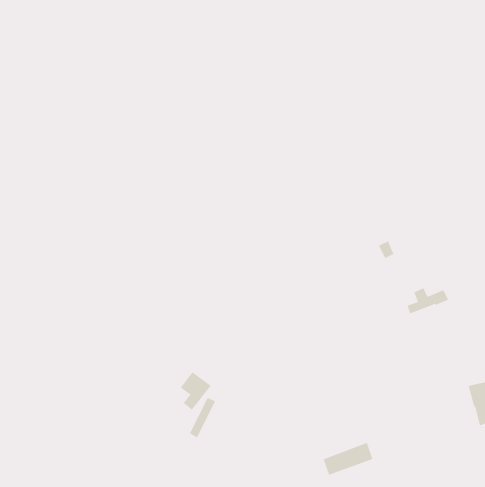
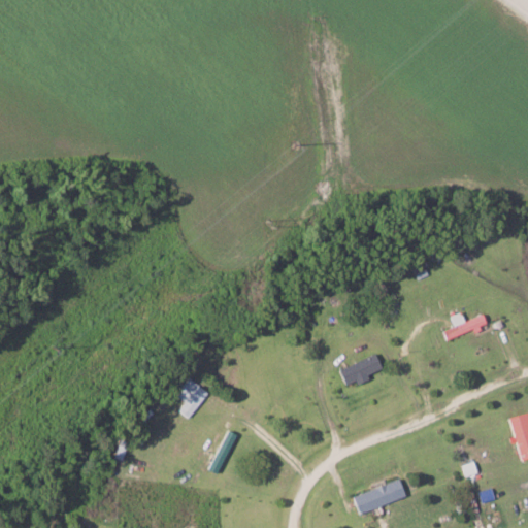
building: none -> [338,356,382,386]
building: [180,371,211,411] -> [175,377,209,420]

